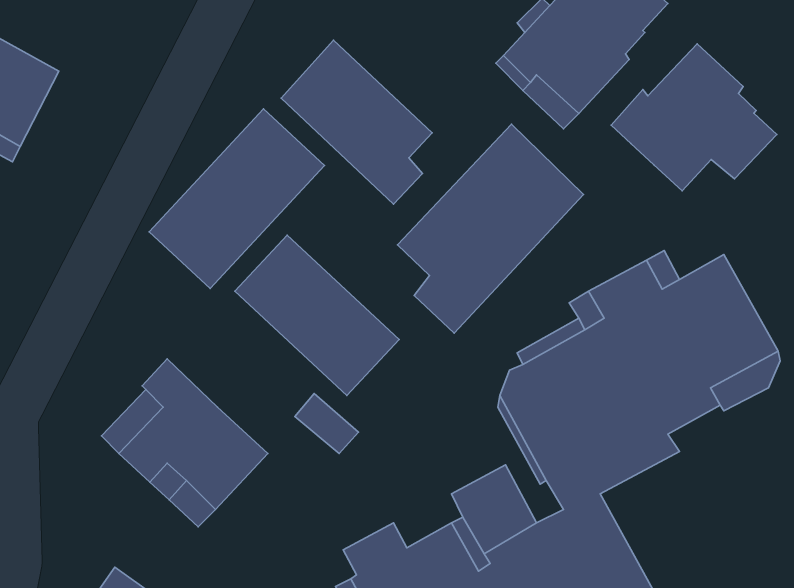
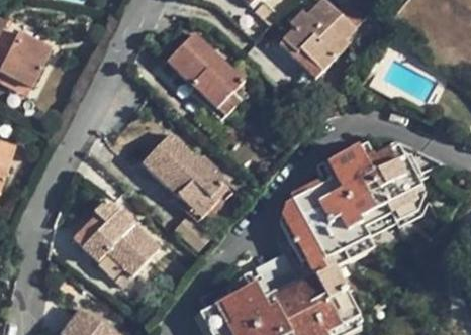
building: [611,44,777,191] -> none
building: [149,109,325,288] -> none
building: [398,124,584,333] -> none

